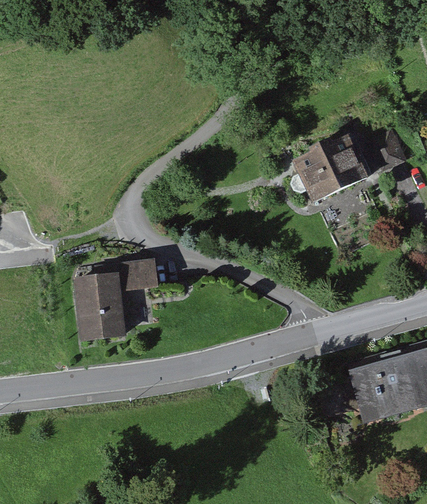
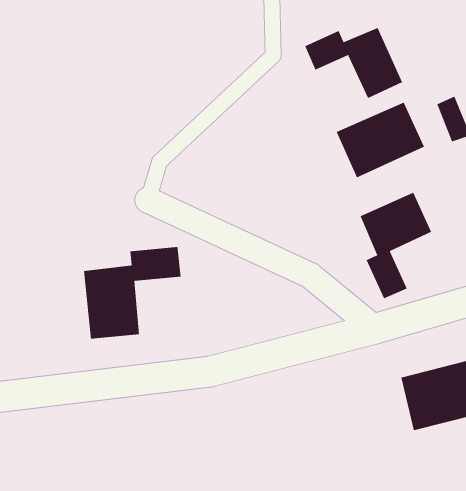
building: none -> [305,27,403,99]
building: none -> [360,192,432,299]

